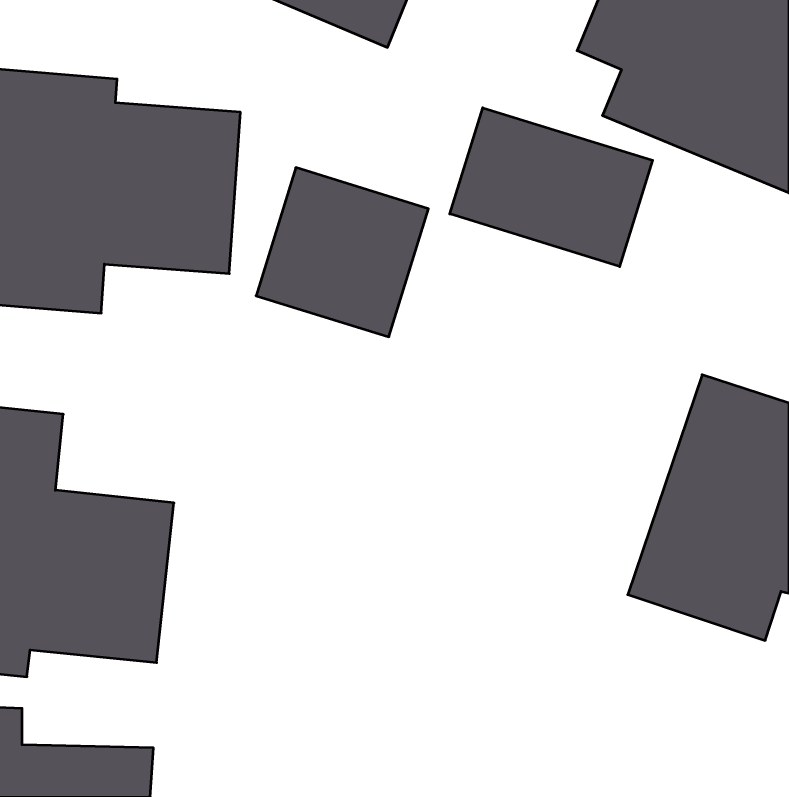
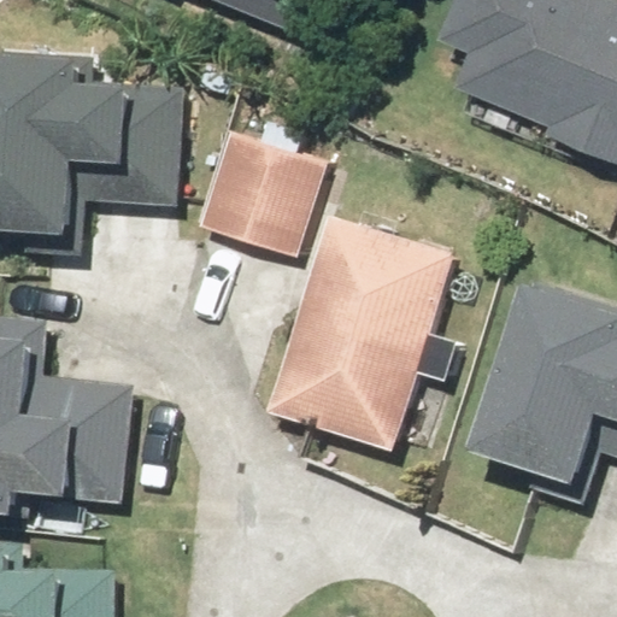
building: [450,108,653,267] -> none
building: none -> [270,215,454,451]

